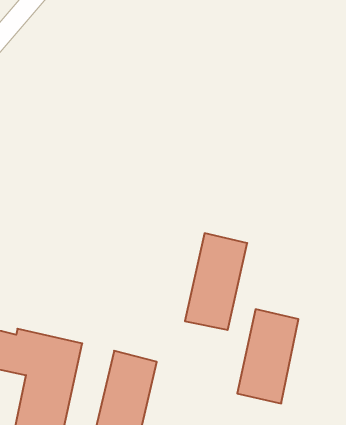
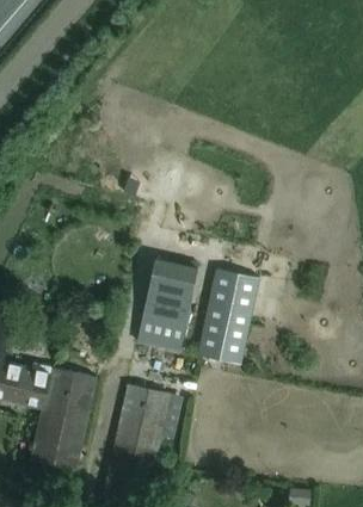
building: [237,309,298,403] -> [137,259,197,351]

